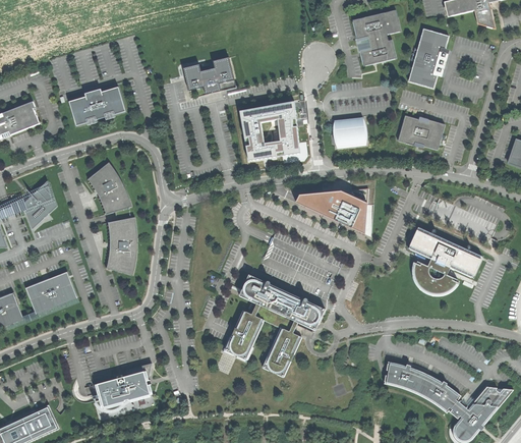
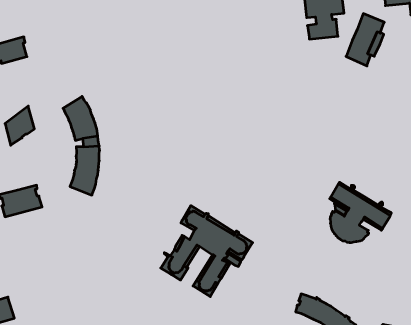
building: [183,57,234,94] -> none
building: [68,87,125,125] -> none
building: [239,101,299,160] -> none
building: [397,115,445,150] -> none
building: [334,119,364,145] -> none
building: [296,188,368,233] -> none
building: [95,363,151,409] -> none

